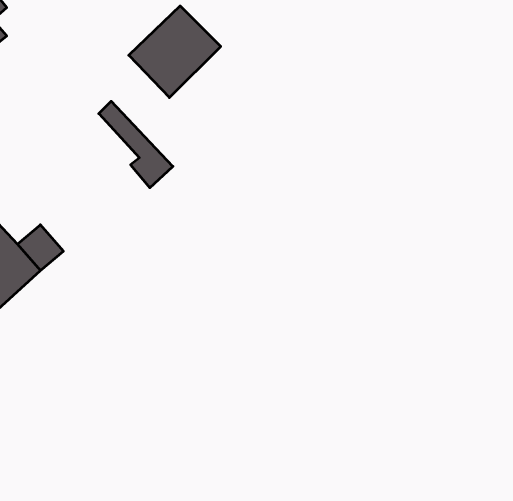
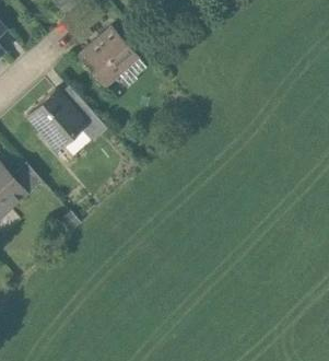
building: none -> [30,91,89,150]

